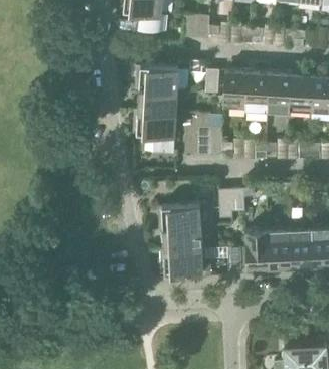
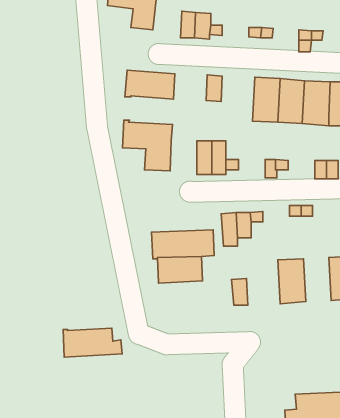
building: [224,70,249,110] -> none
building: [139,87,178,113] -> none
building: [291,228,315,266] -> none
building: [246,230,271,269] -> none
building: [161,248,212,273] -> [63,328,122,357]

